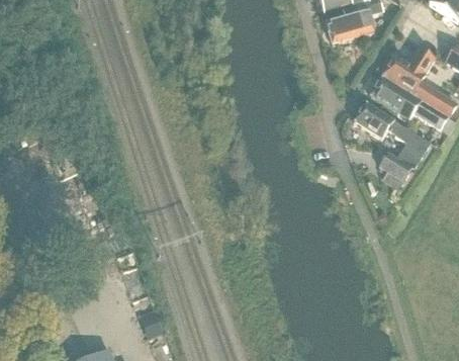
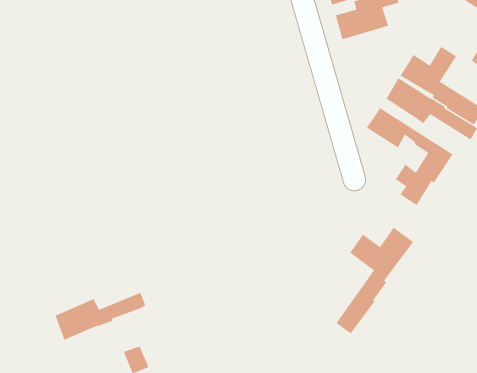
building: none -> [336,227,414,334]
building: none -> [55,292,146,341]

